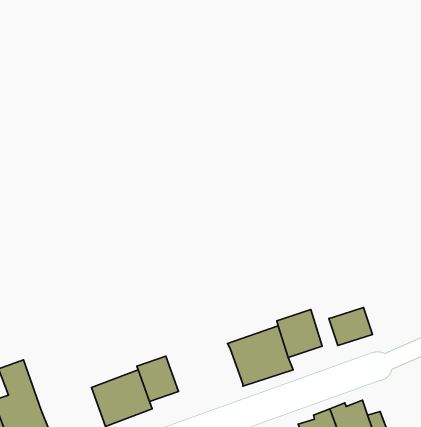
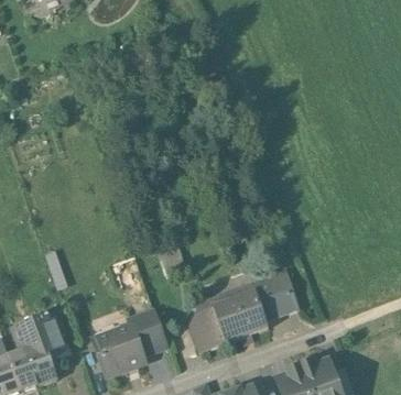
building: [329,308,372,346] -> none
building: none -> [188,310,225,351]
building: none -> [33,314,67,364]

